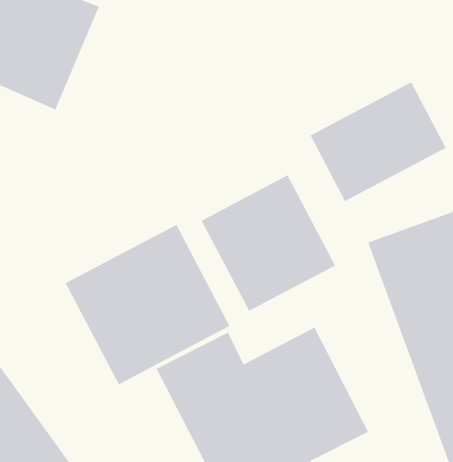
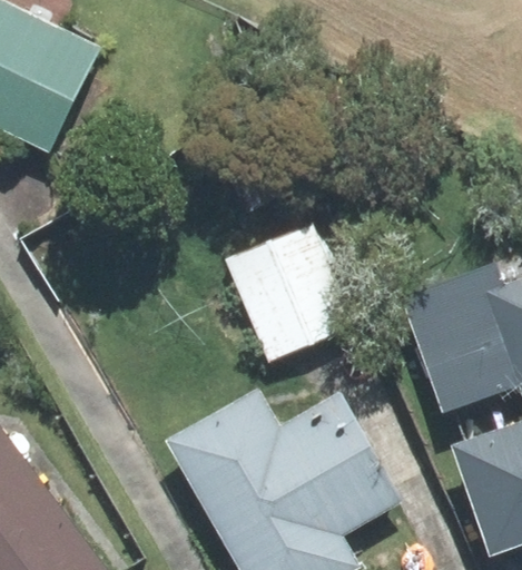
building: [309,81,447,202] -> none
building: [65,224,231,385] -> none

